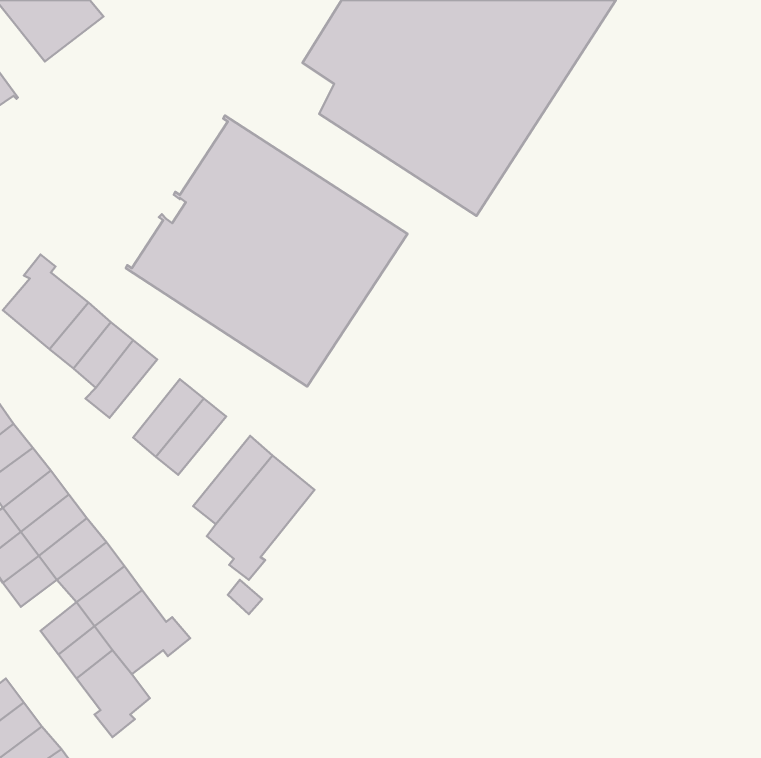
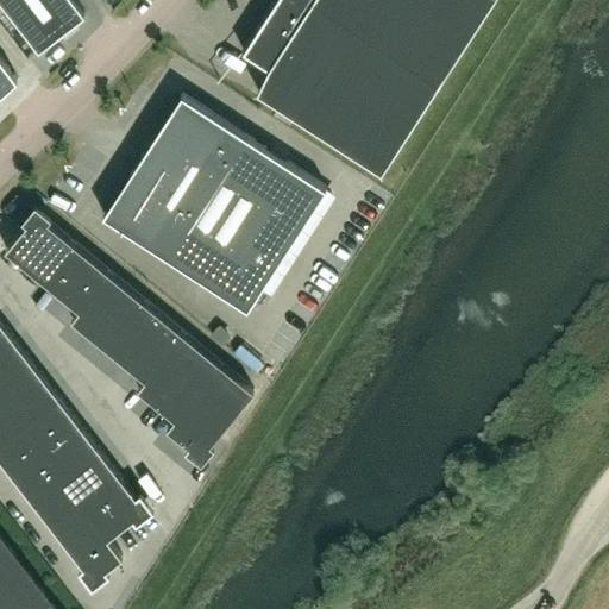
building: none -> [87,291,143,353]
building: none -> [134,337,199,408]
building: none -> [17,466,61,507]

